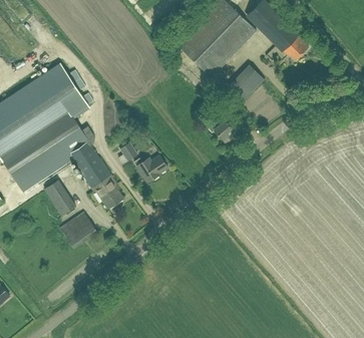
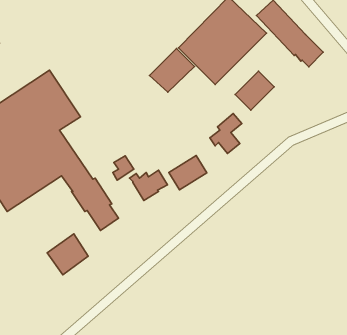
building: none -> [150,49,195,92]
building: none -> [169,156,207,190]
building: [46,174,74,211] -> none

